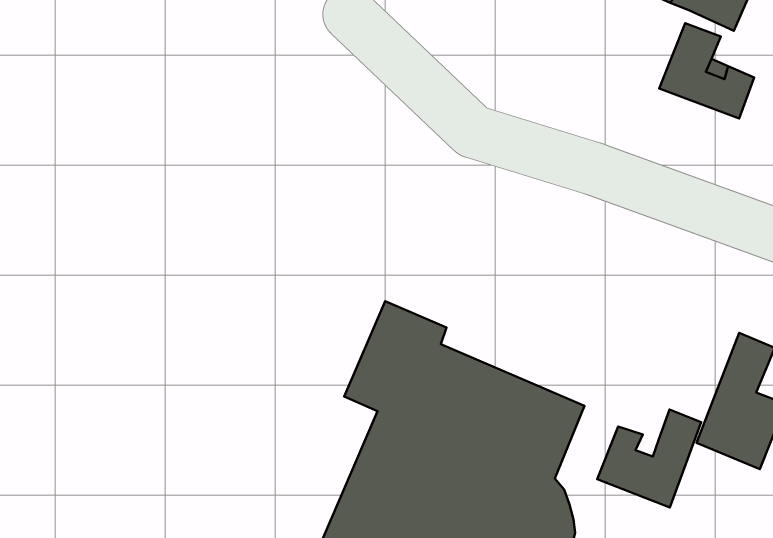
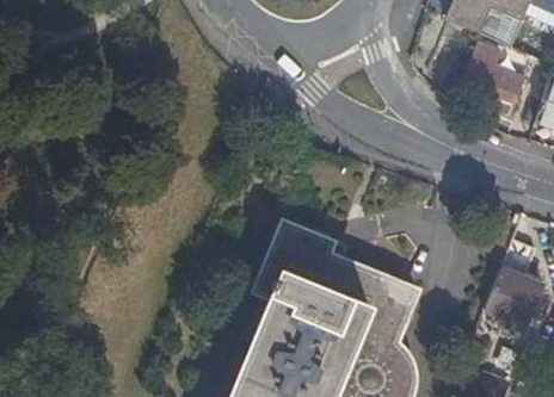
building: [597,409,701,508] -> none

